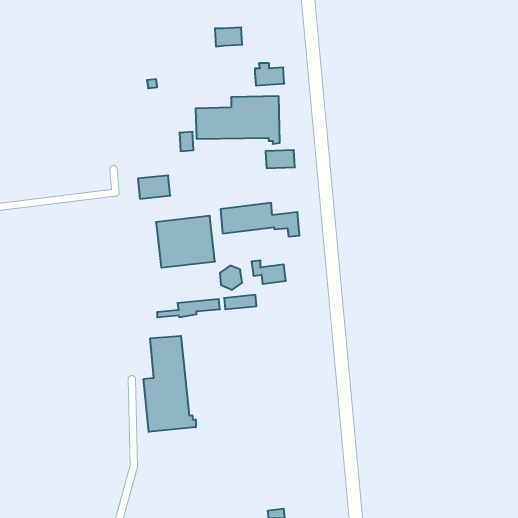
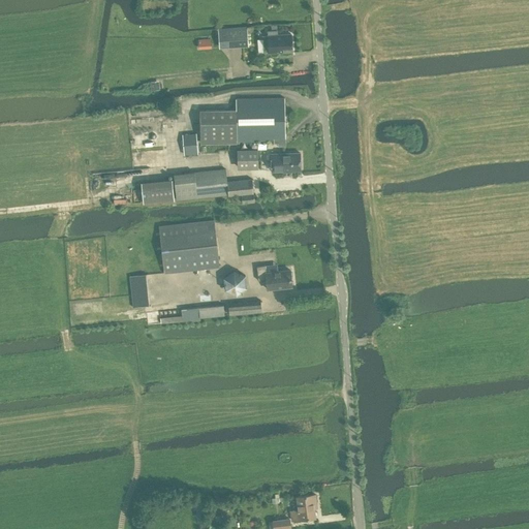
building: [255,63,284,86] -> [262,30,292,53]
building: [221,203,300,236] -> [174,169,254,204]
building: none -> [130,274,149,308]
building: [144,336,196,432] -> none
building: none -> [290,495,316,521]

